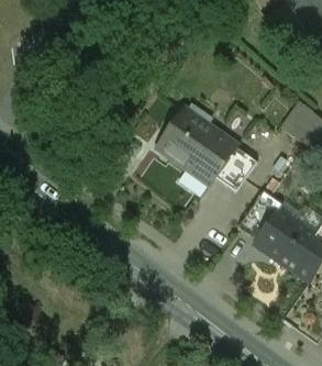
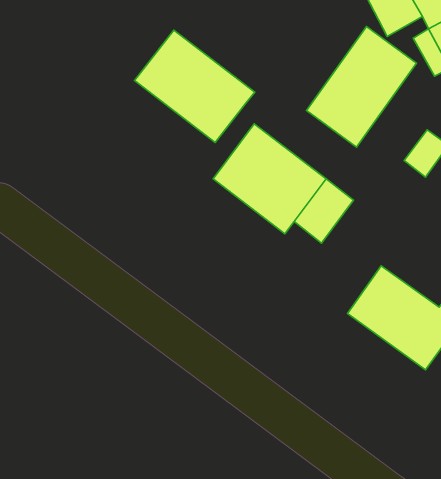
building: none -> [307,27,417,147]
building: none -> [134,30,255,142]

